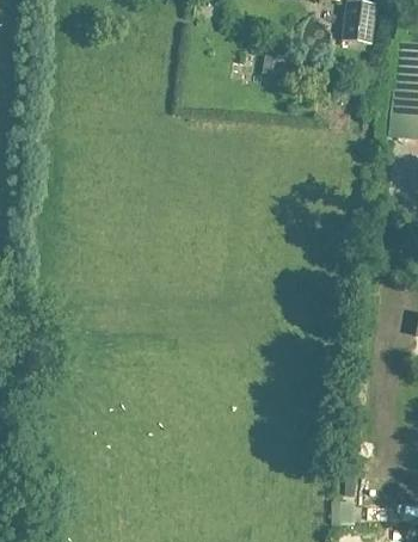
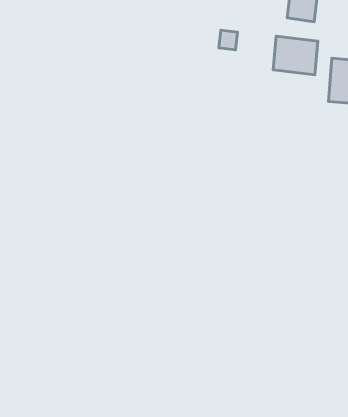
building: none -> [273,36,318,75]

